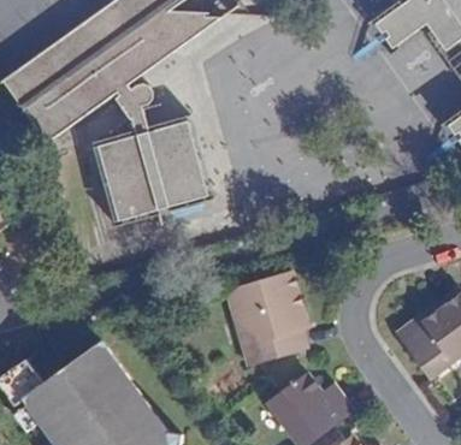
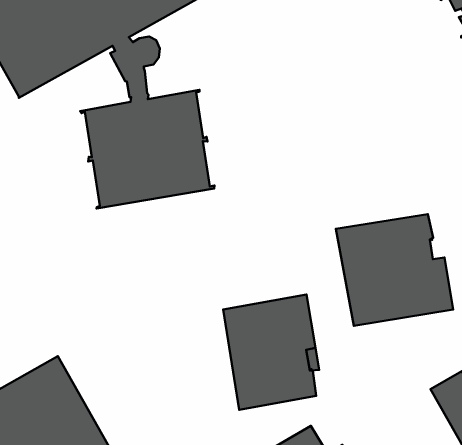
building: none -> [336,214,453,326]

